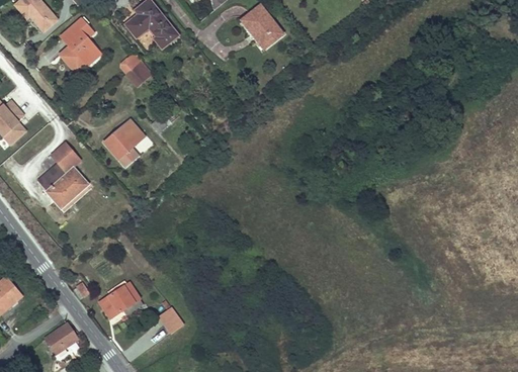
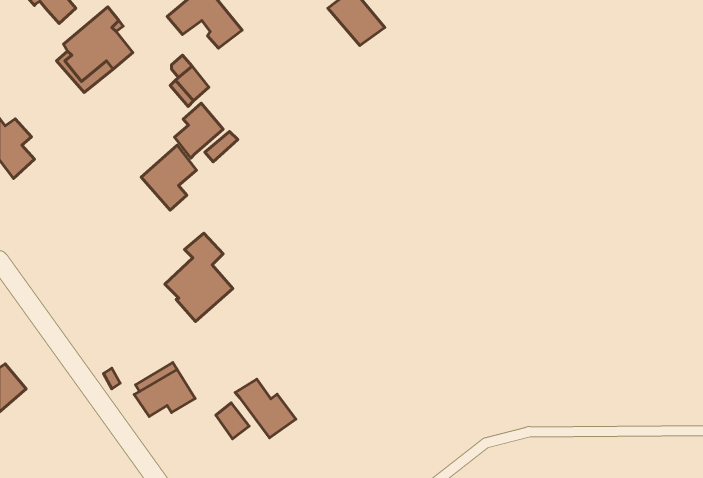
building: none -> [174,103,223,158]
building: [38,143,88,207] -> [165,233,233,322]
building: none -> [235,379,296,438]
building: [46,324,77,355] -> none

